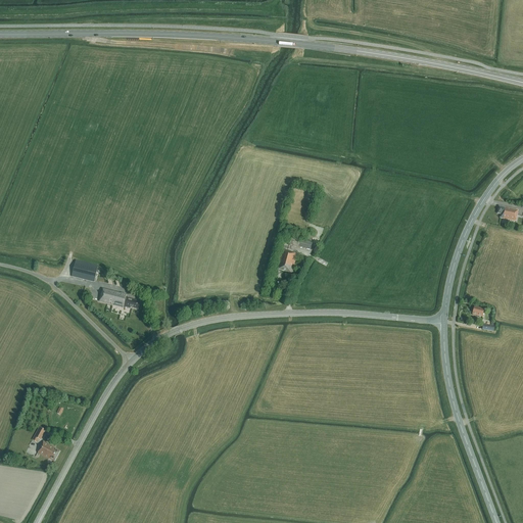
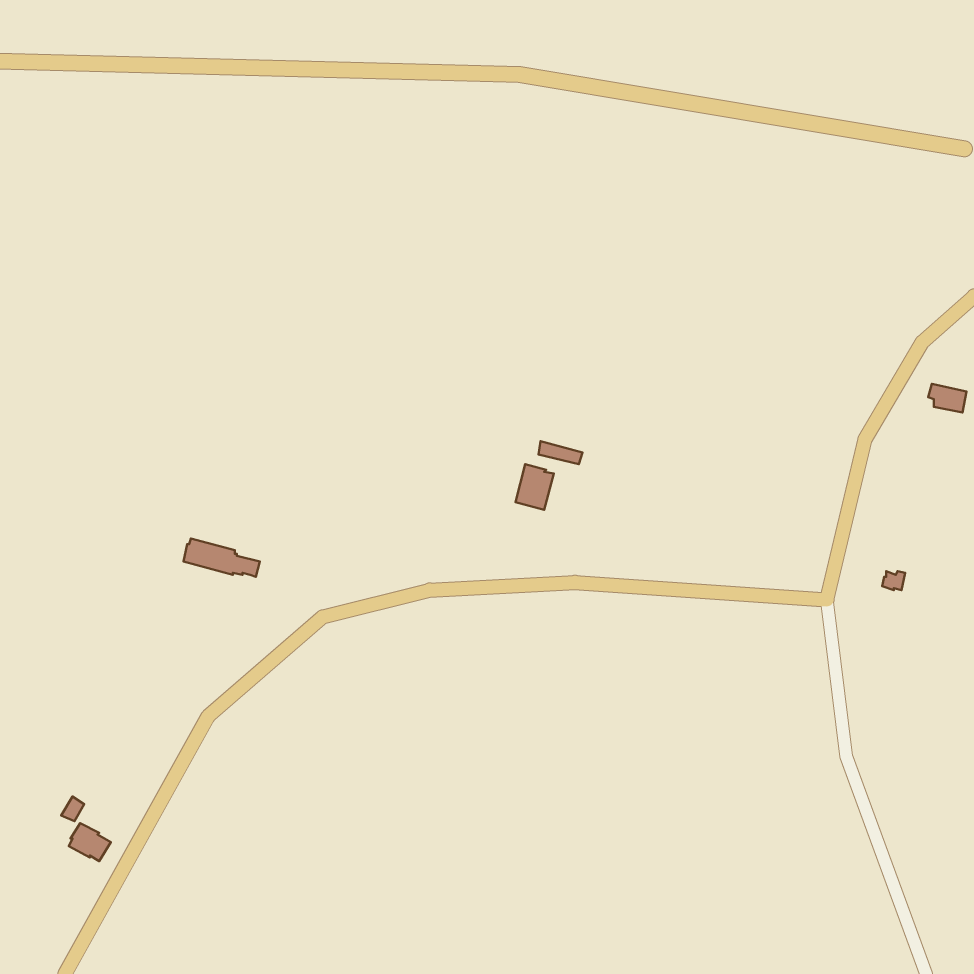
building: [70,259,97,282] -> none

